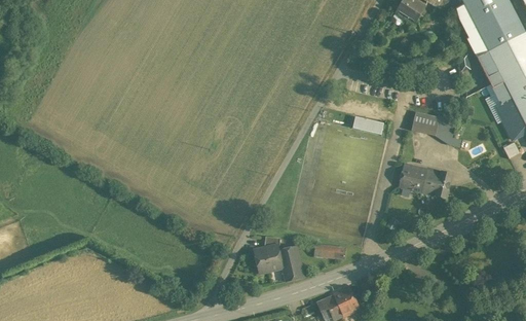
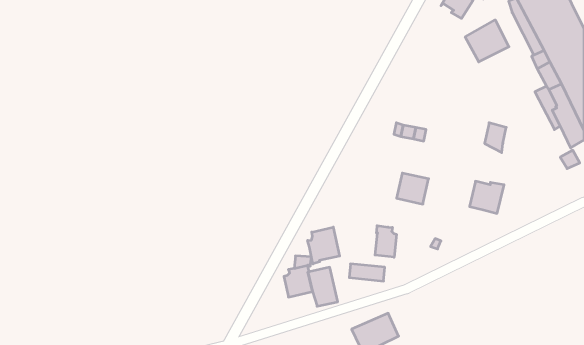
building: none -> [465,20,509,62]
building: [412,112,440,136] -> none
building: [399,165,427,192] -> [397,173,429,204]
building: none -> [375,226,396,257]
building: none -> [308,227,340,264]

